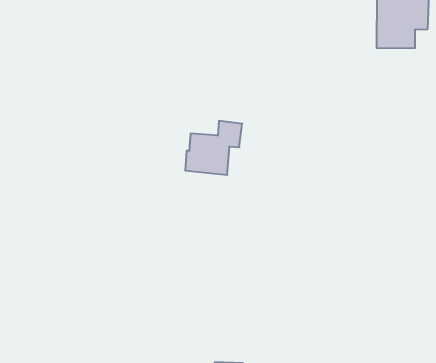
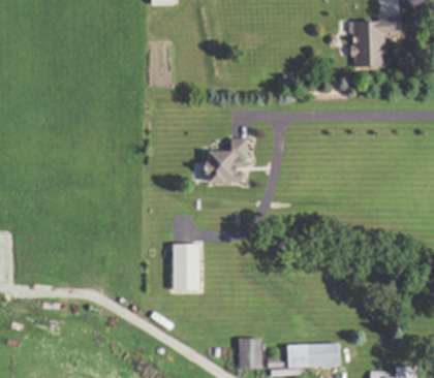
building: none -> [171,244,204,290]

